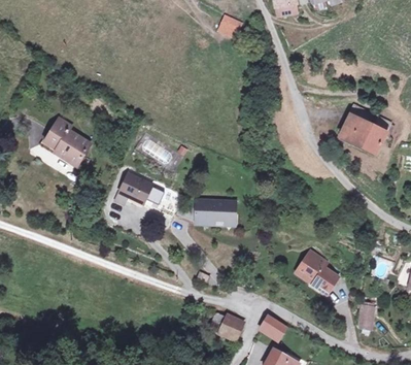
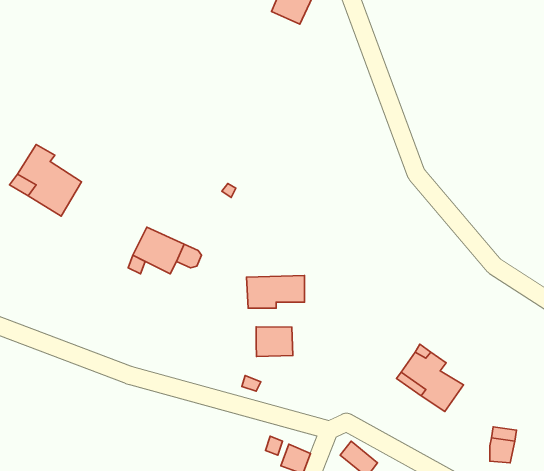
building: [338,111,386,155] -> none
building: none -> [256,327,293,357]

